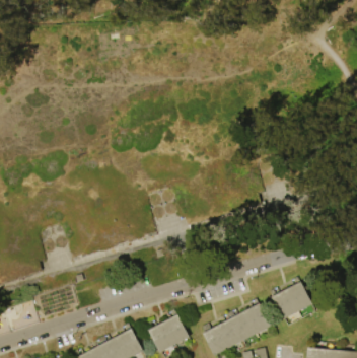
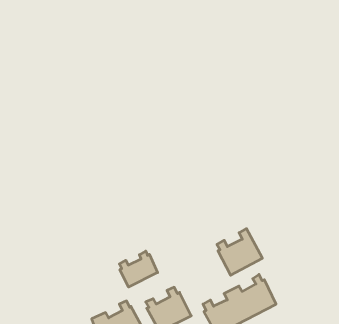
building: none -> [119,251,158,287]
building: [268,277,311,321] -> [217,229,262,275]

